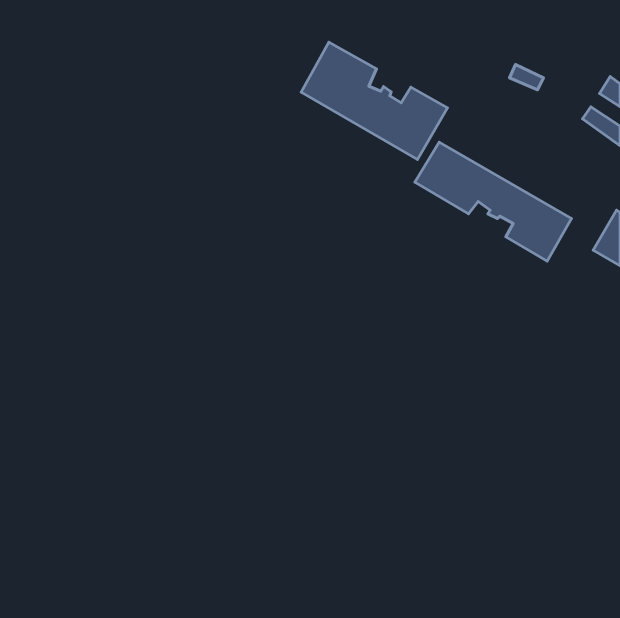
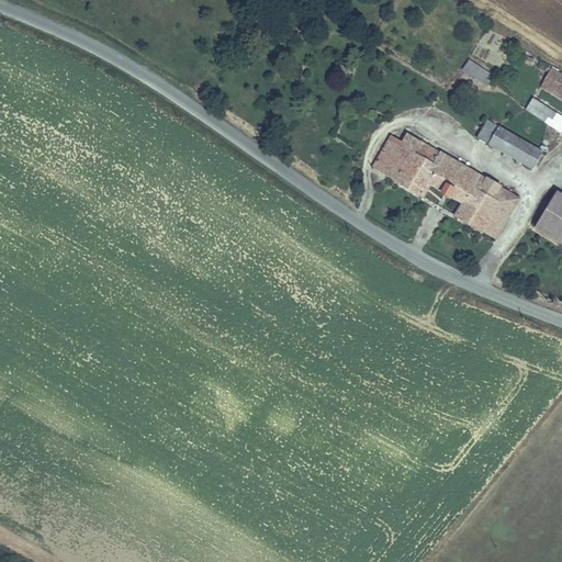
building: [301,42,448,159] -> none
building: none -> [477,120,541,169]

